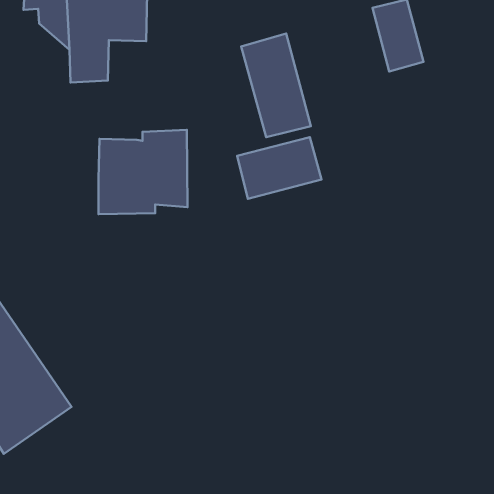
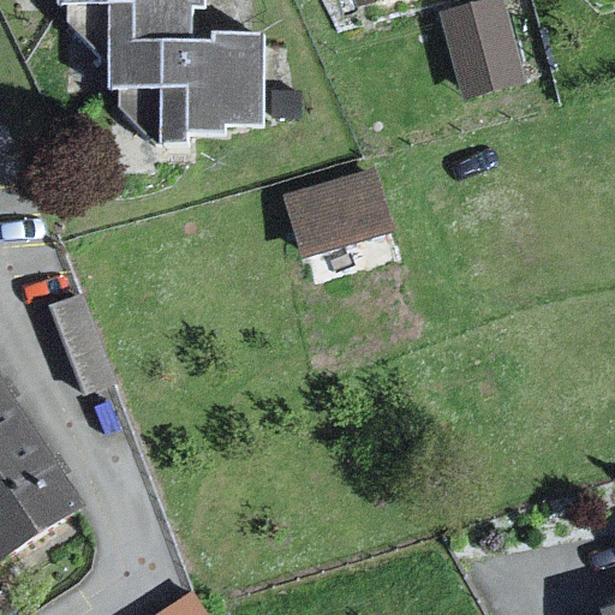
building: [241,34,311,137] -> none
building: [98,130,188,214] -> [132,38,241,142]

